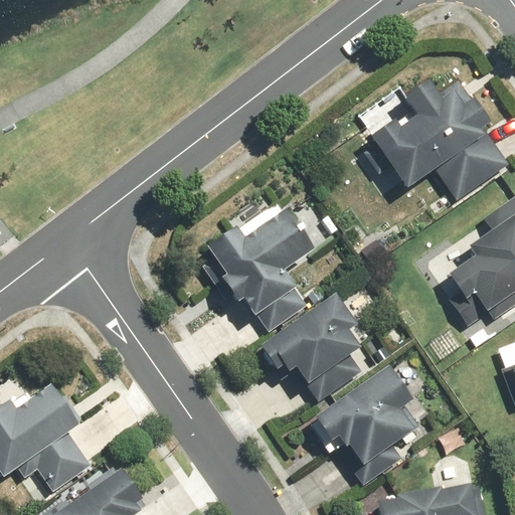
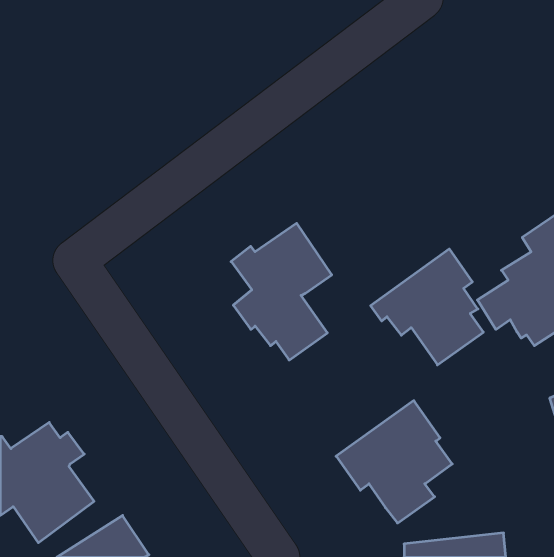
building: [368,80,509,202] -> none
building: [259,295,362,401] -> [371,249,483,365]

